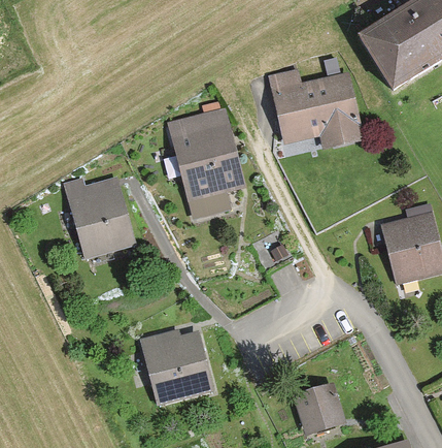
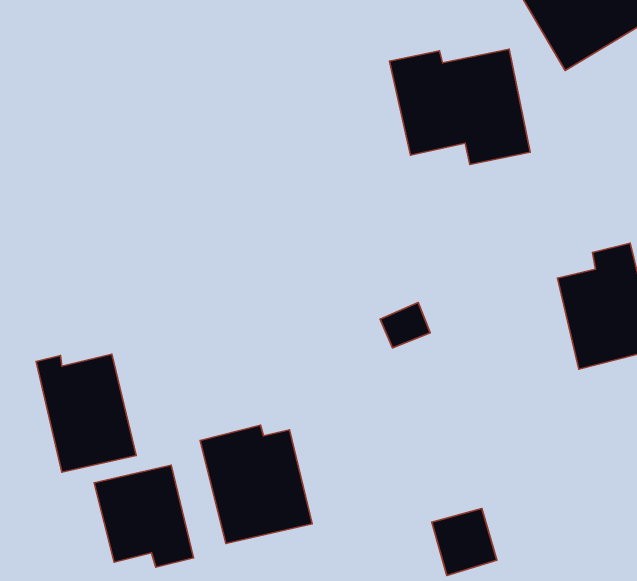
building: [171,109,247,220] -> none
building: [66,177,134,257] -> [36,354,136,472]
building: none -> [94,465,193,567]

